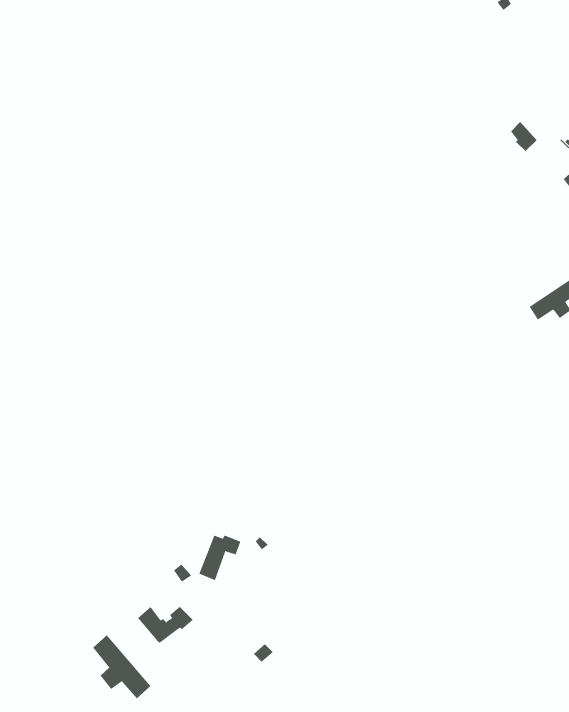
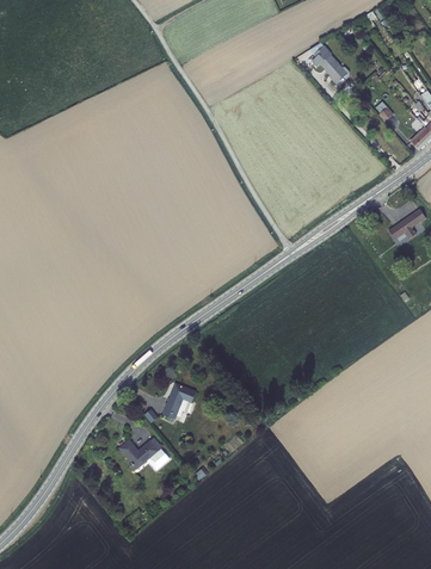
building: none -> [312,41,351,80]
building: [92,634,151,699] -> none

